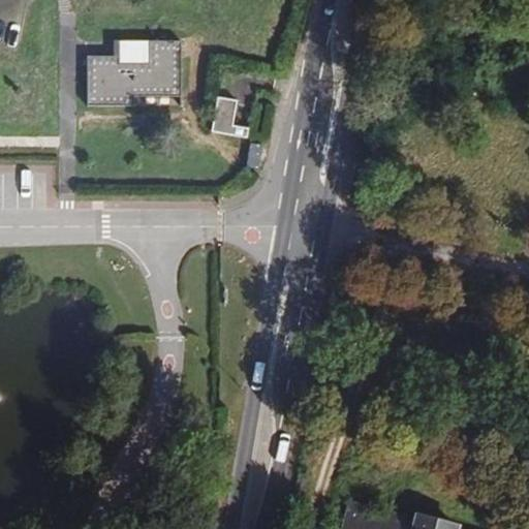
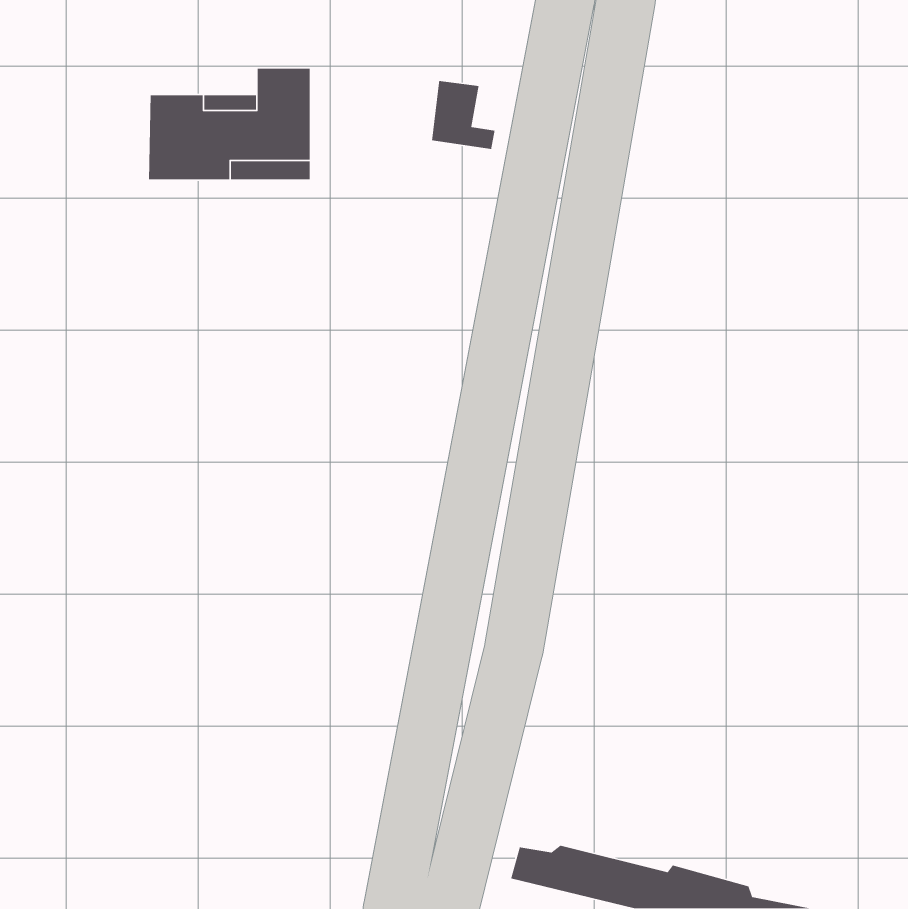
building: [210,97,247,137] -> [431,80,495,150]

